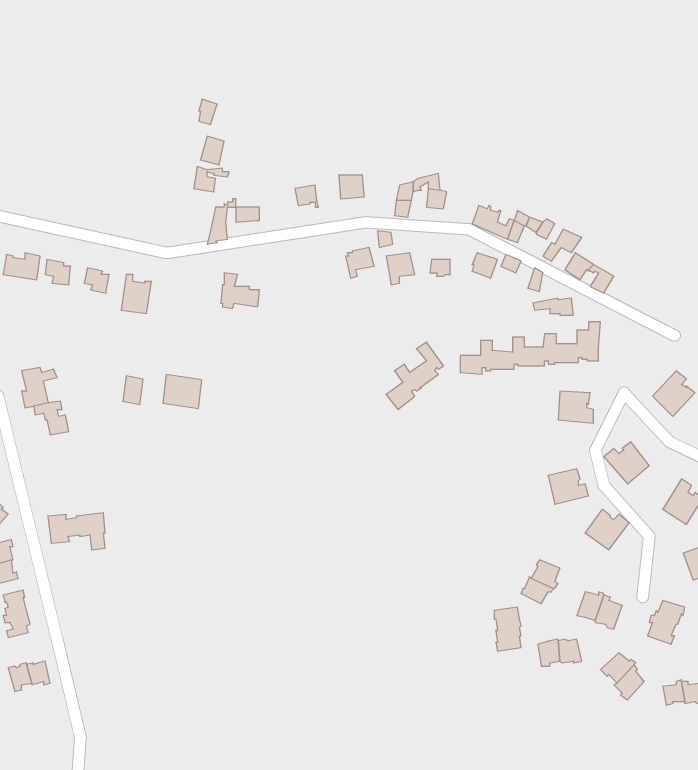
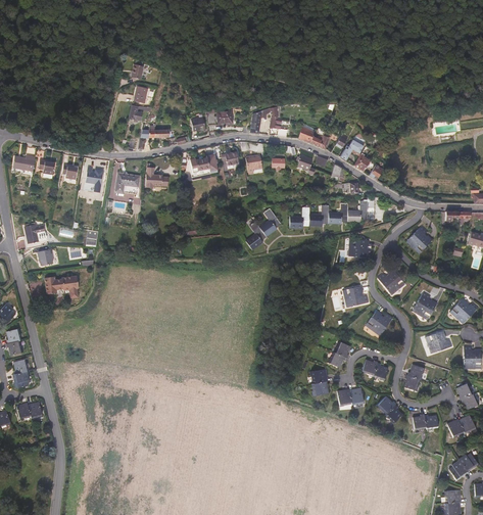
building: none -> [189,154,218,175]
building: [163,375,202,408] -> [115,173,139,193]
building: [48,513,105,550] -> [45,275,80,297]

